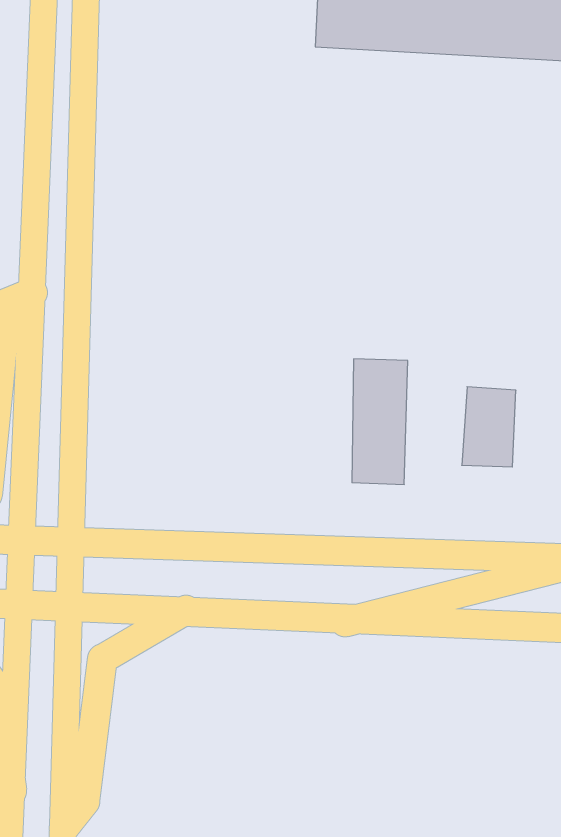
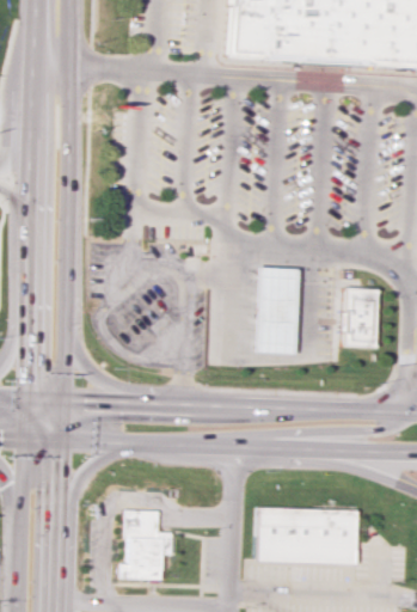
building: none -> [257,508,357,557]
building: none -> [119,510,170,582]

